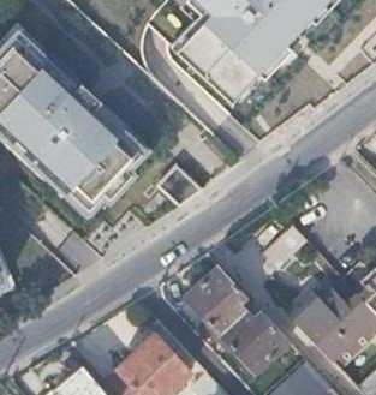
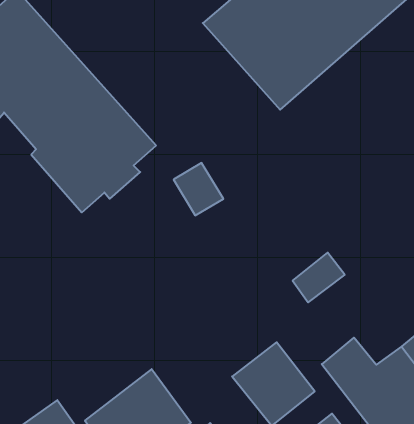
building: [183,262,255,331] -> none

